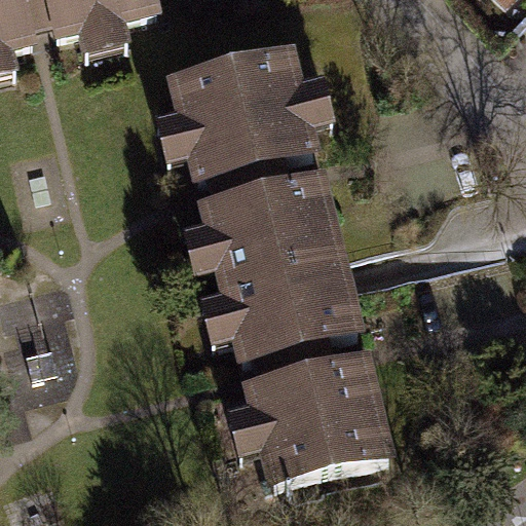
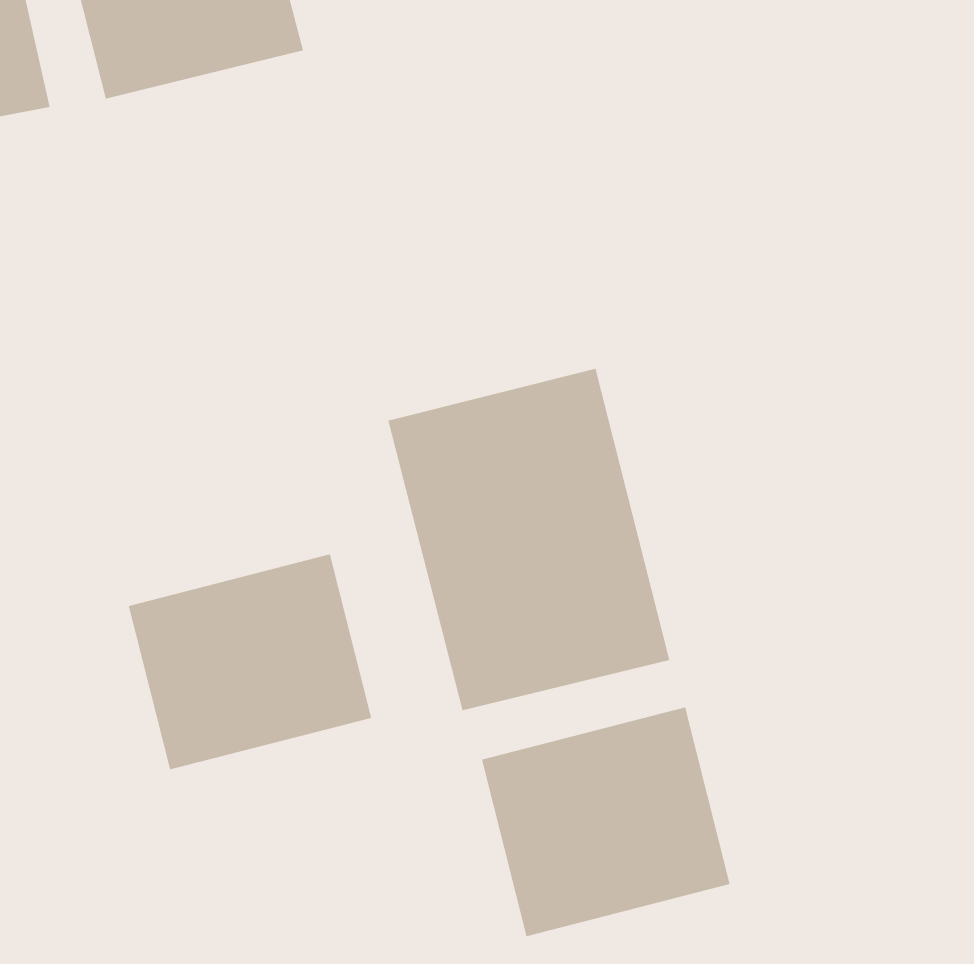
building: [170,73,307,196] -> none
building: none -> [128,554,372,770]

